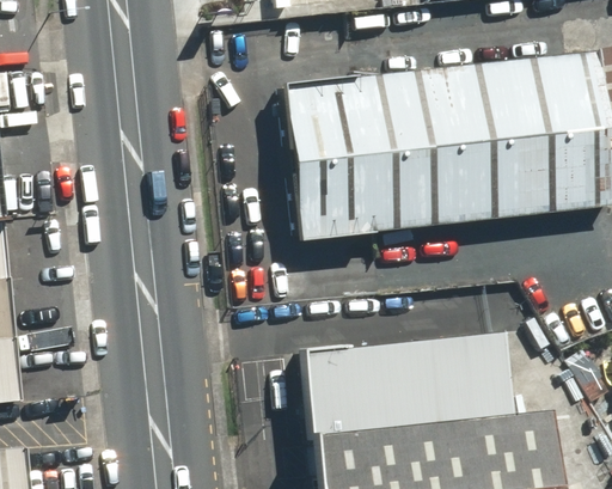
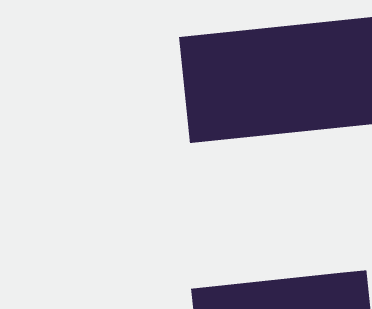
building: [292,336,509,440] -> none

